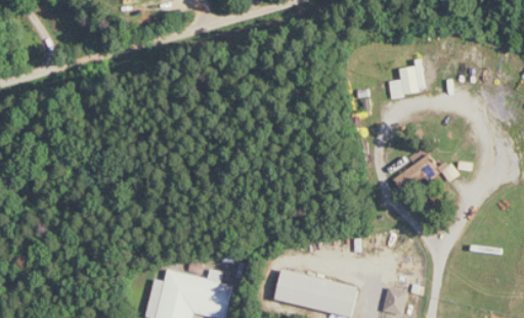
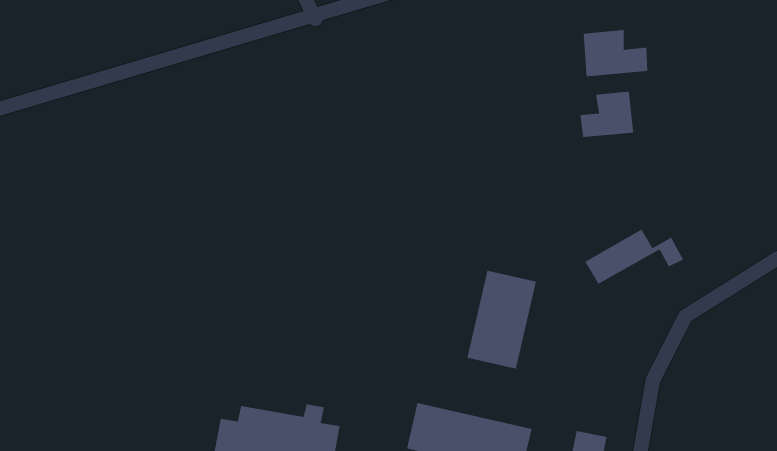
building: none -> [583,29,648,77]
building: none -> [466,270,537,370]

